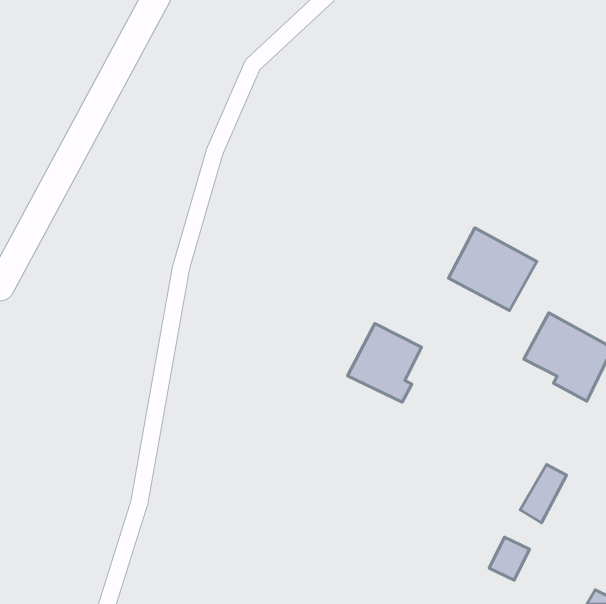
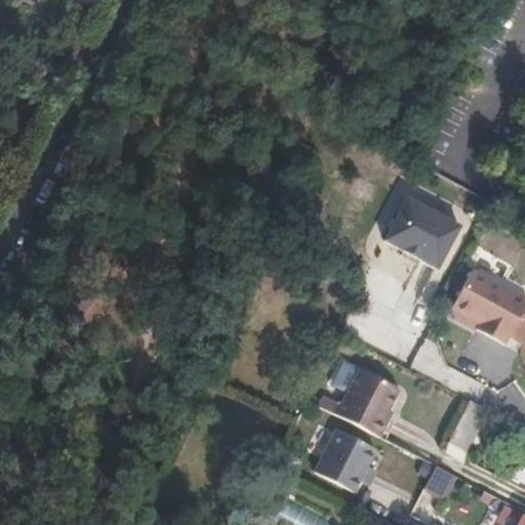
building: [347,323,421,402] -> [329,366,393,434]
building: none -> [312,428,373,490]

